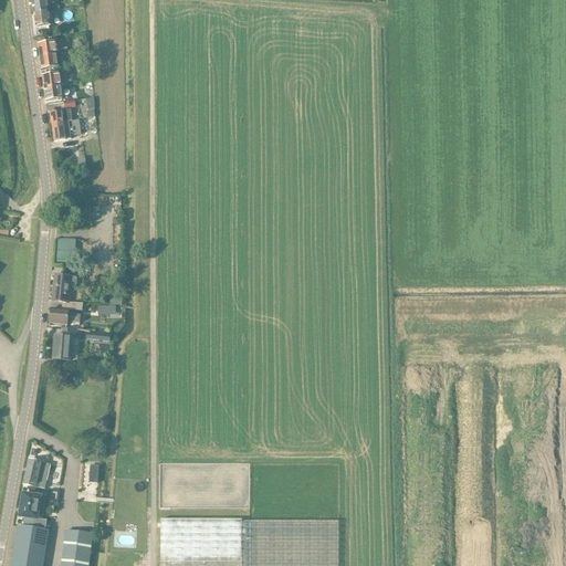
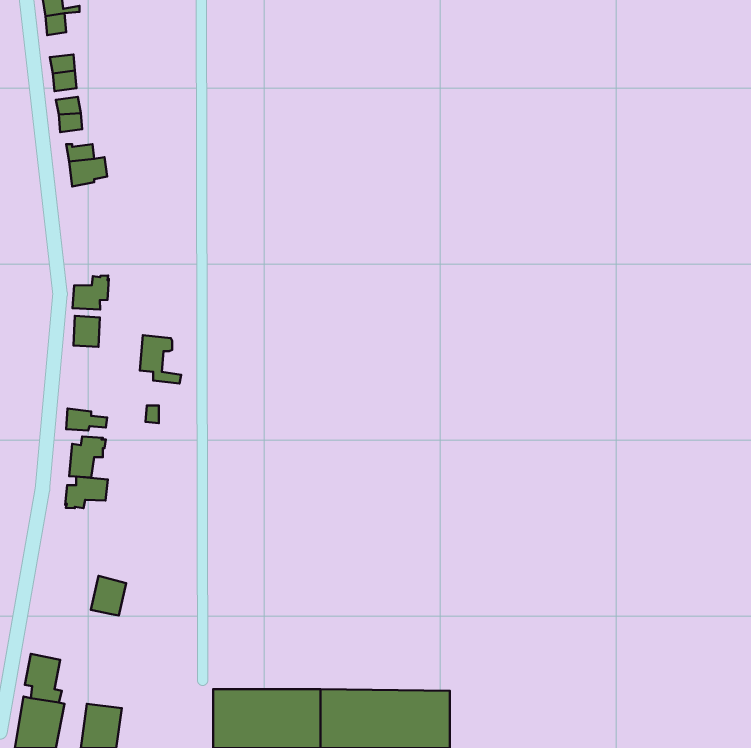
building: none -> [72,276,109,310]
building: [52,273,83,310] -> [140,335,181,384]
building: none -> [65,477,108,508]
building: [23,458,50,488] -> [91,576,126,616]

